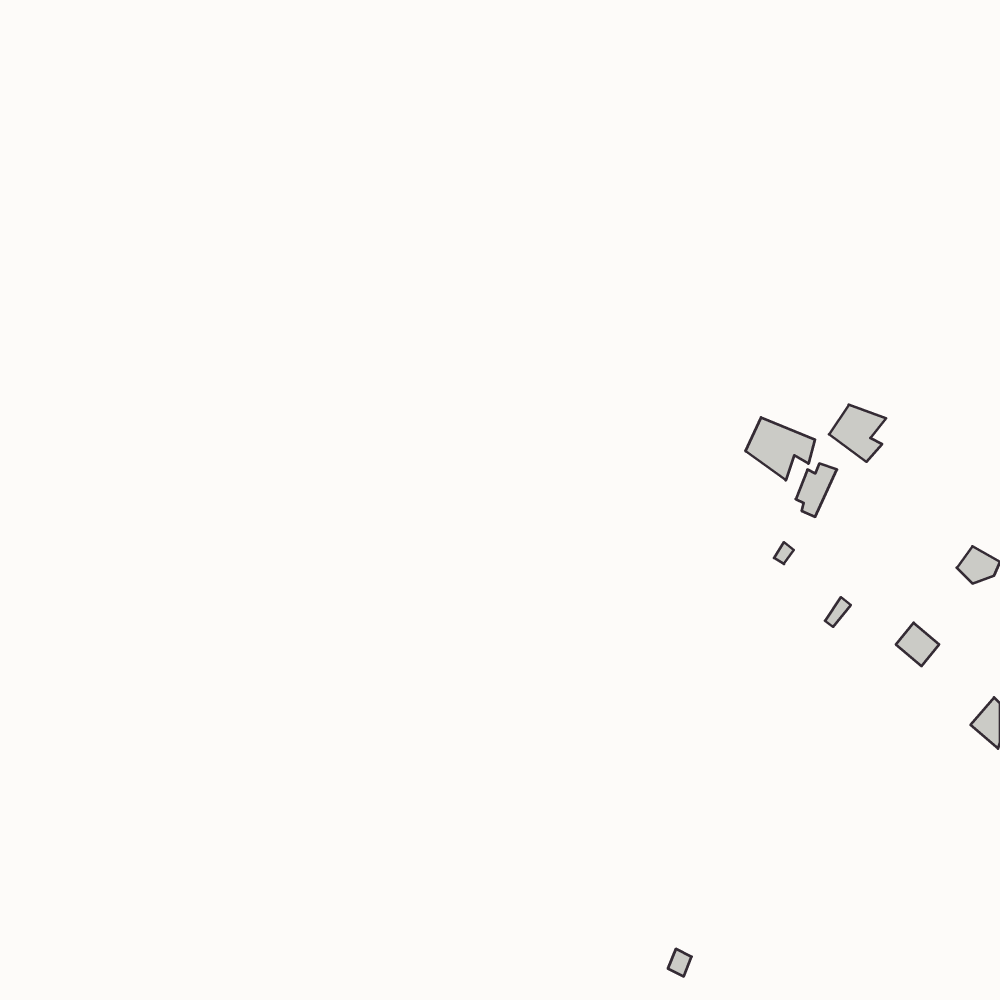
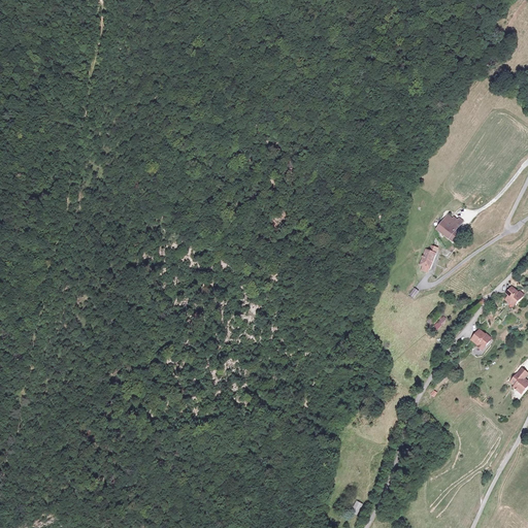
building: [746,417,815,480] -> none

